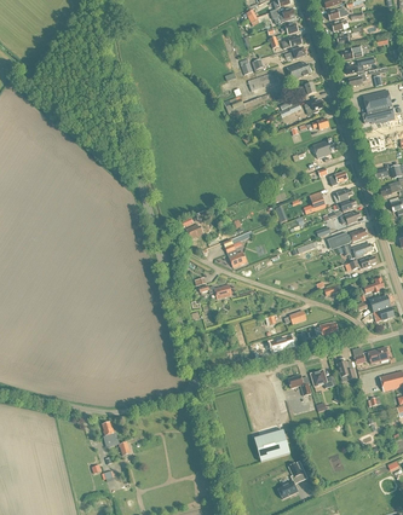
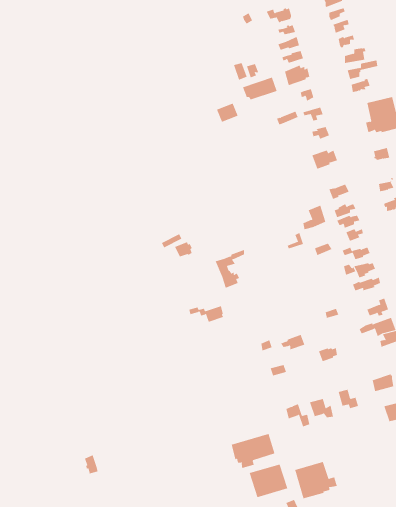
building: none -> [231,433,275,469]
building: none -> [295,461,337,499]

